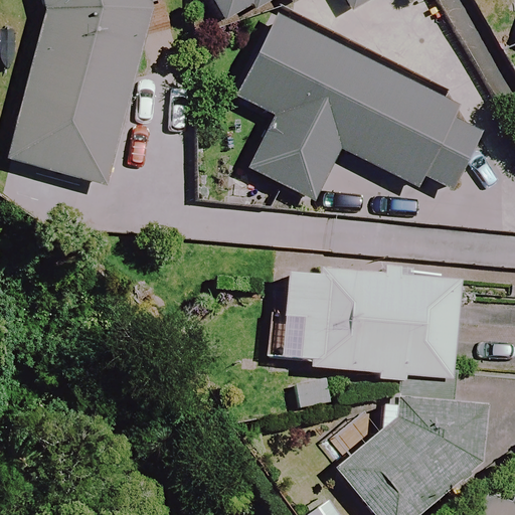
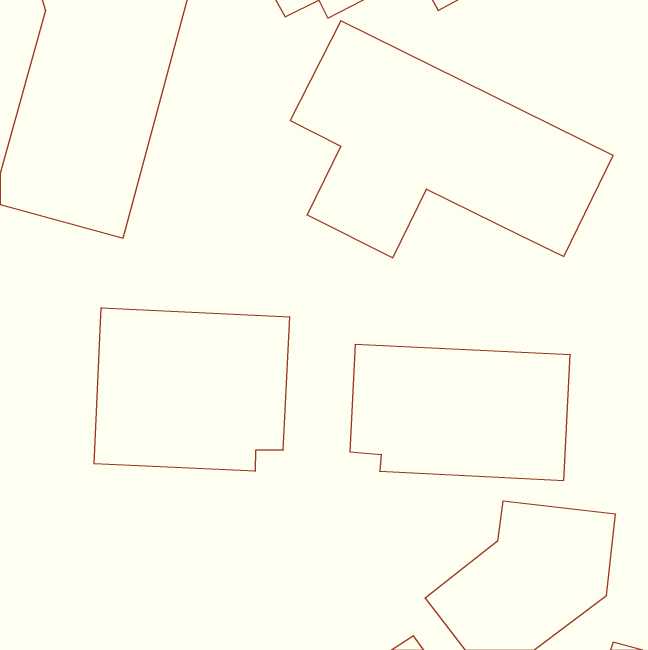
building: none -> [94,308,289,471]

